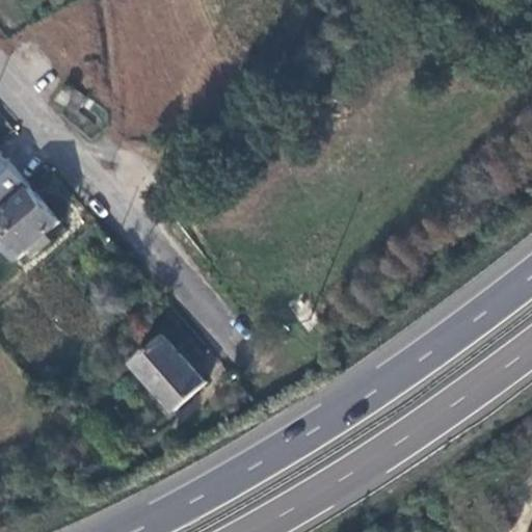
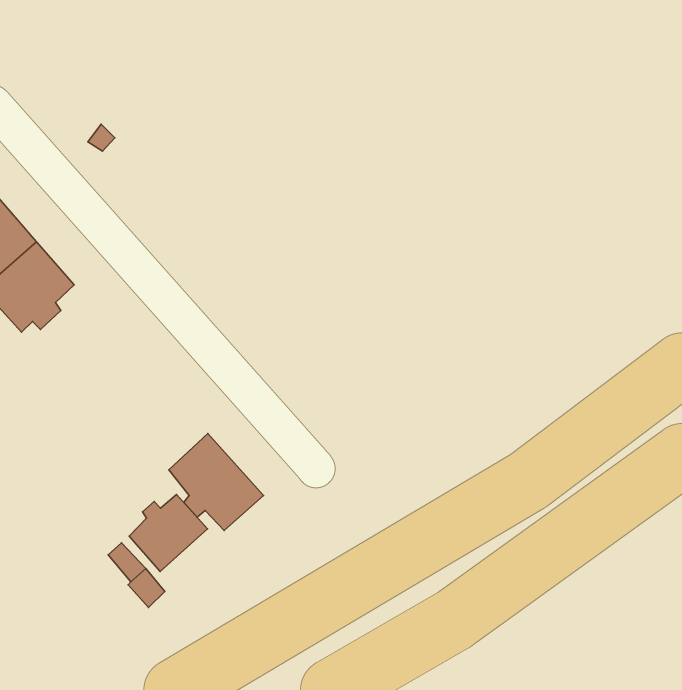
building: none -> [129,494,208,572]

